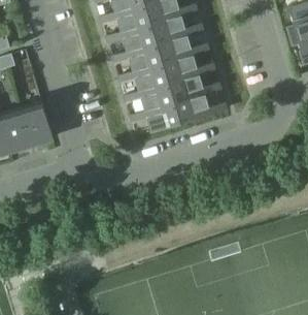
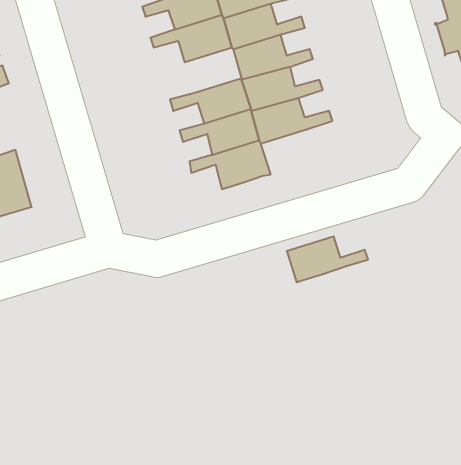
building: [112,42,164,71] -> none
building: [176,94,228,123] -> [287,237,368,282]
building: [21,101,53,144] -> none

